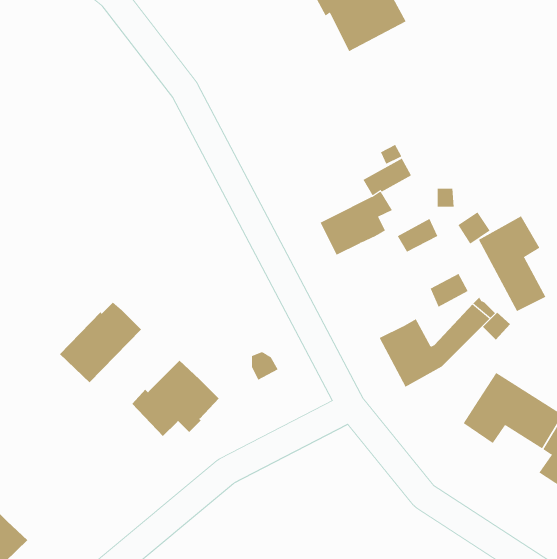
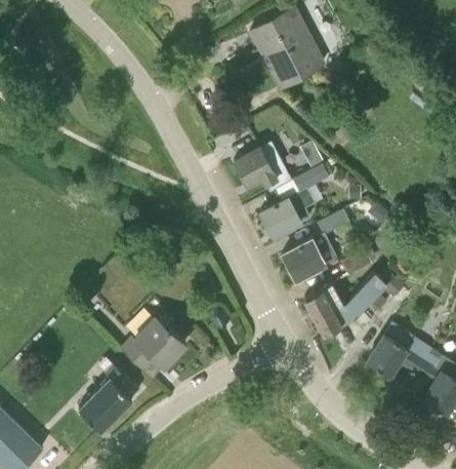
building: none -> [234,148,278,187]
building: [478,216,546,312] -> none
building: none -> [282,239,327,281]
building: [59,302,142,383] -> [78,370,139,431]

